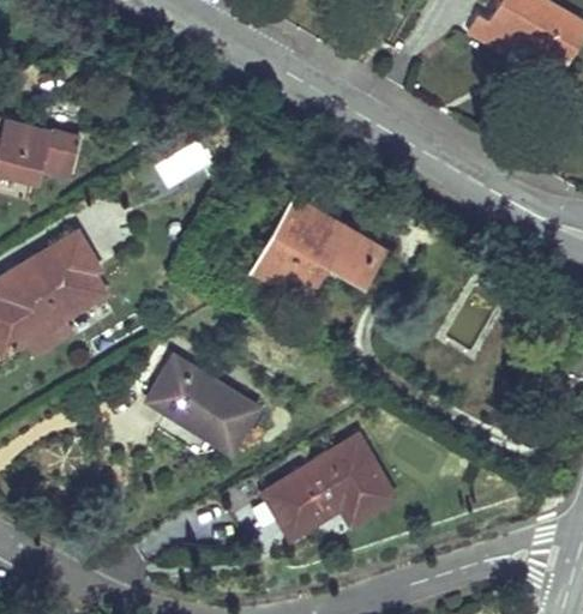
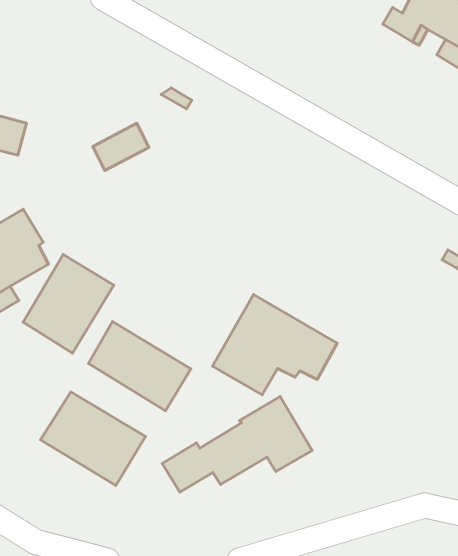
building: [251,192,386,301] -> [213,295,337,395]
building: none -> [23,255,114,353]
building: none -> [41,392,146,485]

